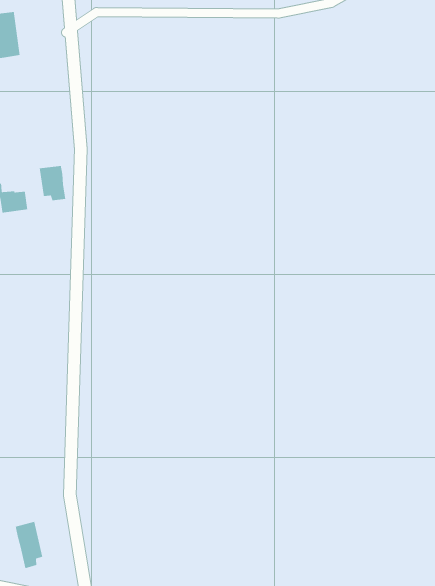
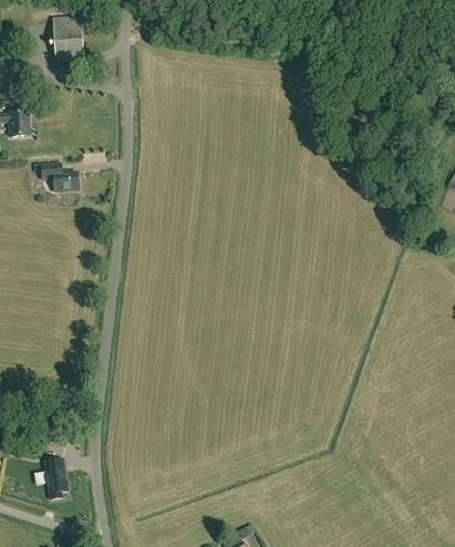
building: [39,165,66,201] -> none

